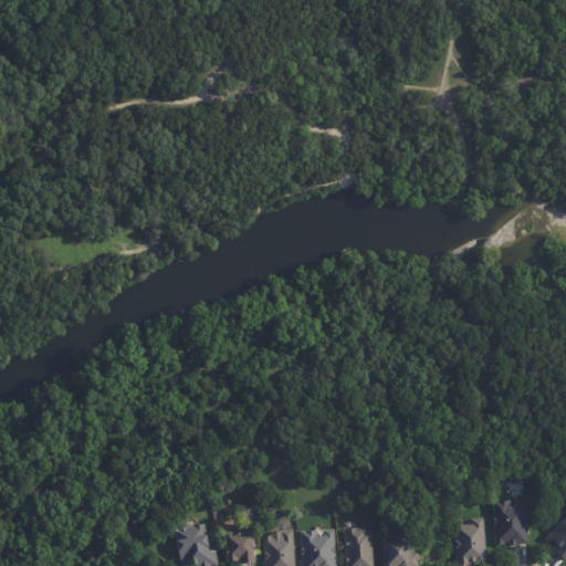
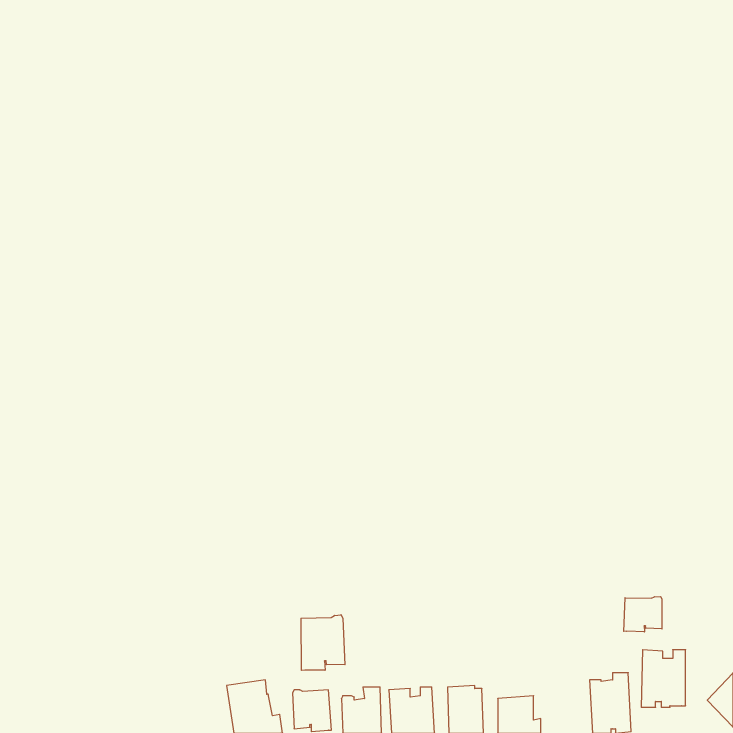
building: none -> [624,597,662,632]
building: none -> [301,615,345,670]

